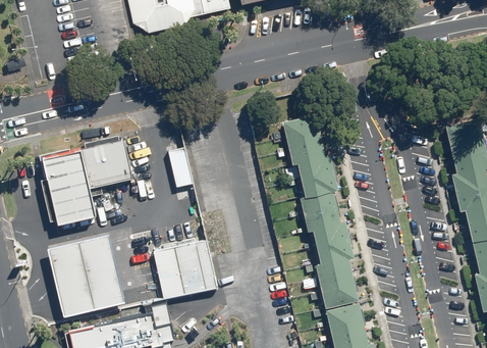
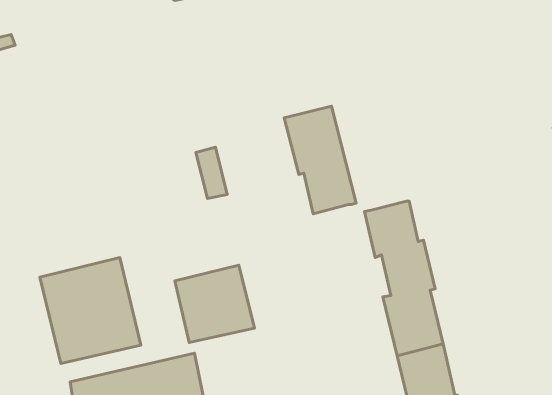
building: [281,112,337,196] -> [284,106,356,214]
building: [42,138,131,223] -> none

